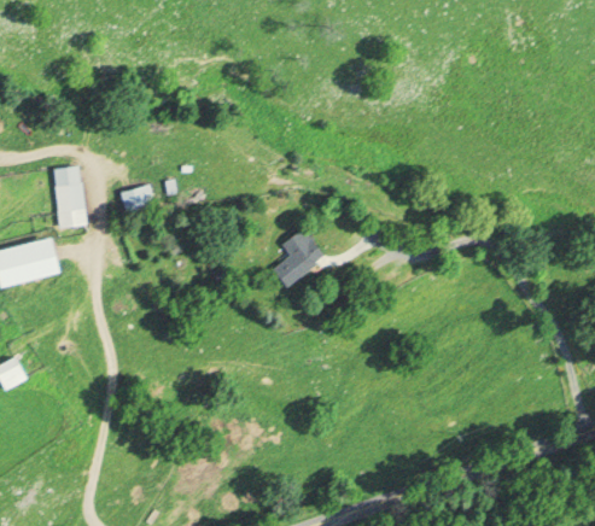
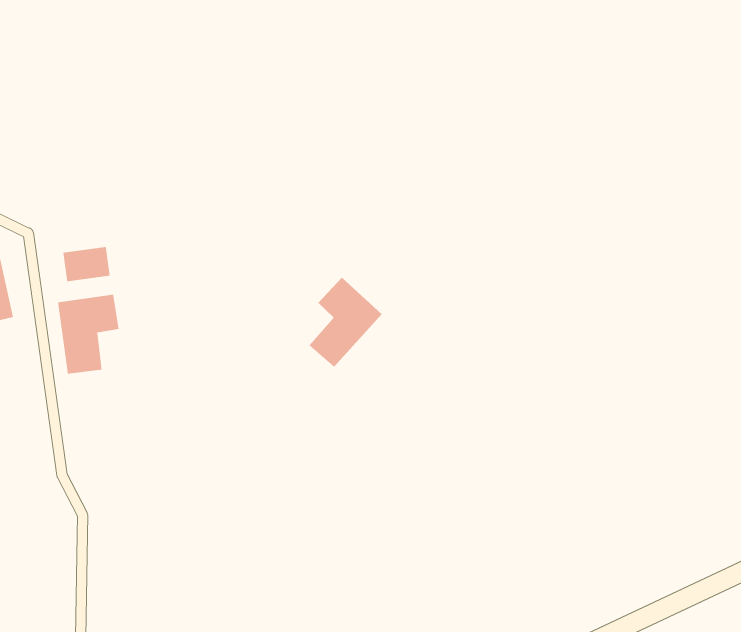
building: none -> [57,294,119,374]

